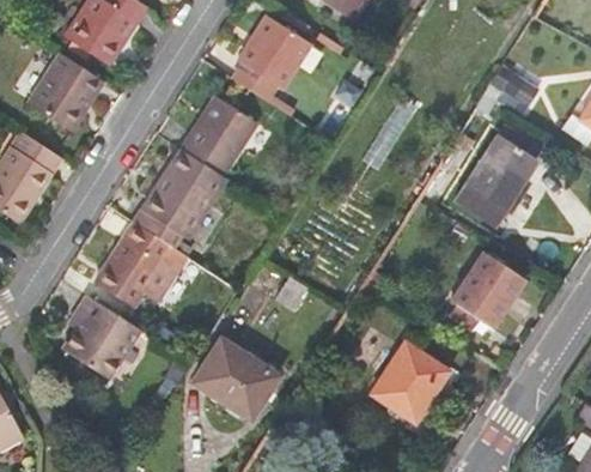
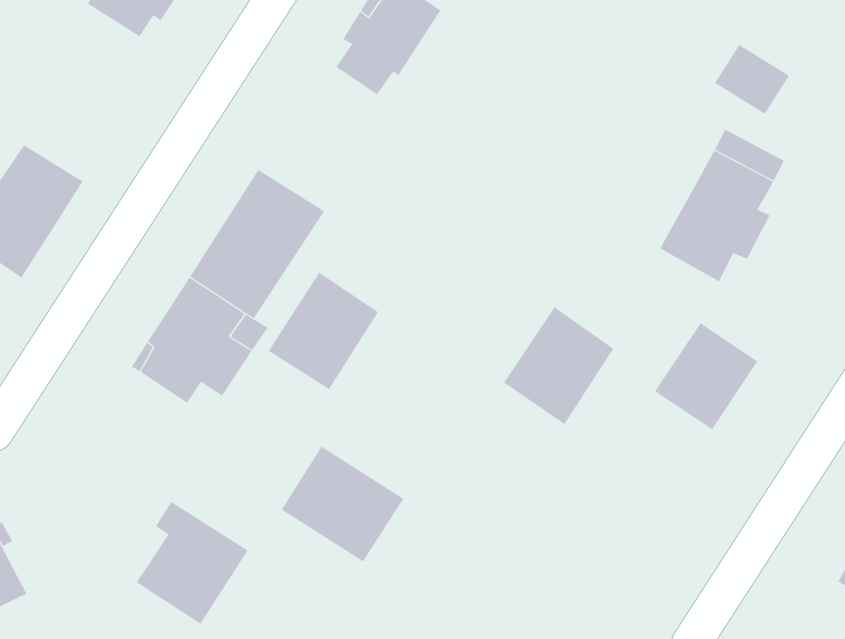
building: [28,54,102,132] -> none
building: [181,96,256,176] -> [268,272,379,390]
building: [63,296,140,380] -> [136,501,249,625]
building: [370,340,445,420] -> [503,307,614,425]

